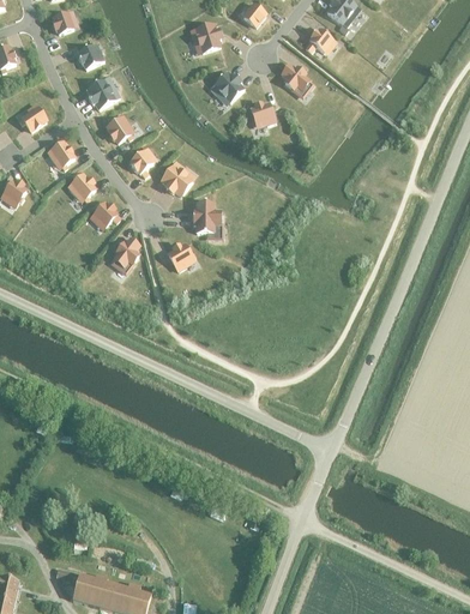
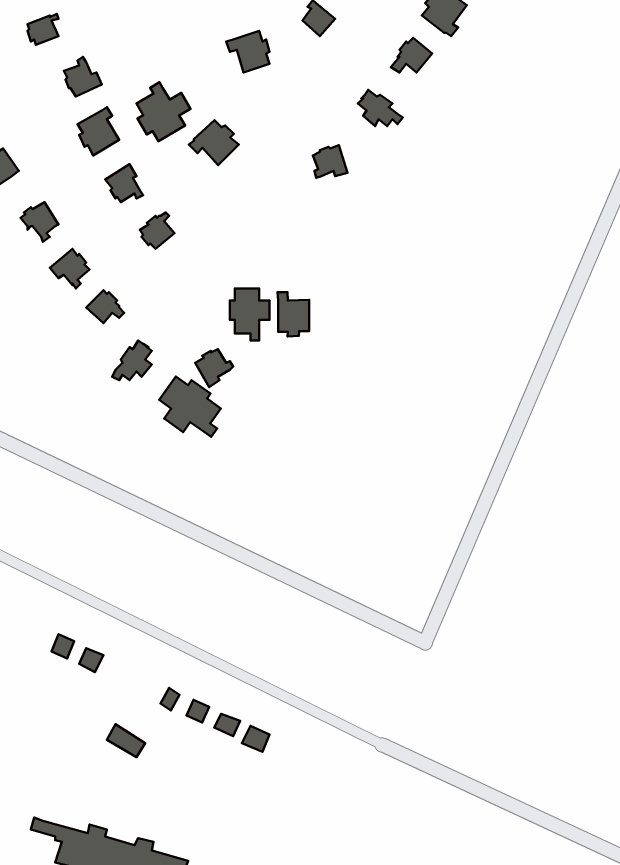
building: none -> [136,82,190,141]
building: [209,71,243,102] -> [189,120,239,165]
building: [161,161,191,194] -> none
building: none -> [278,292,309,336]
building: none -> [159,376,221,437]

